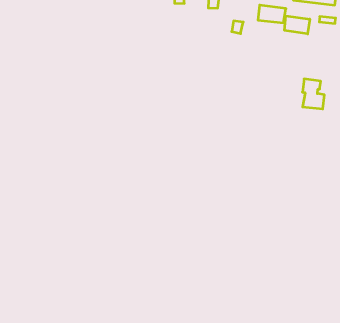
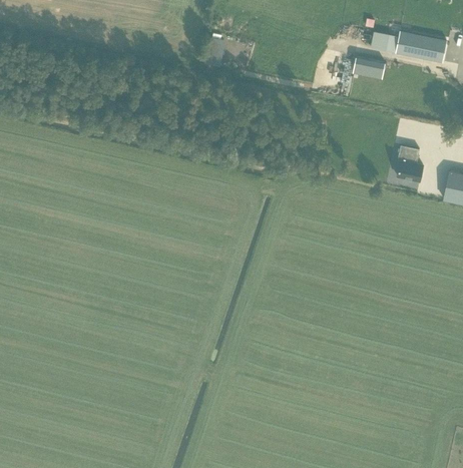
building: [285,16,310,34] -> none

